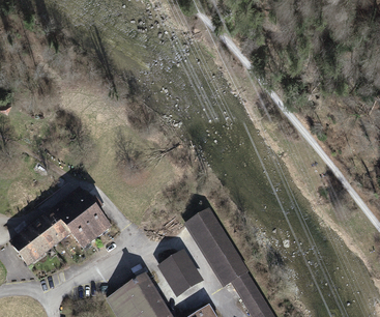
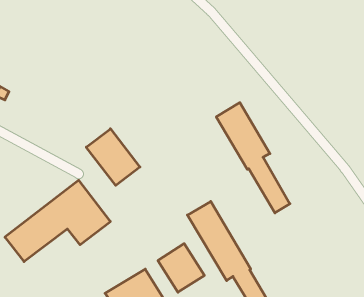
building: none -> [216,103,290,213]
building: none -> [86,129,140,185]

